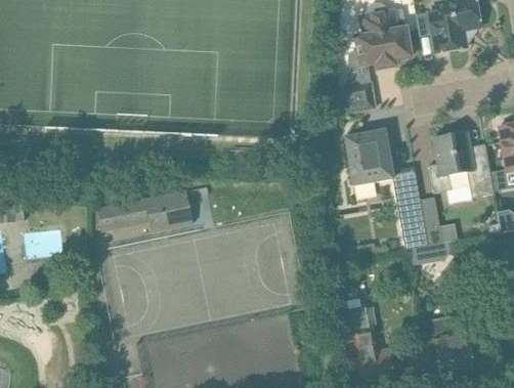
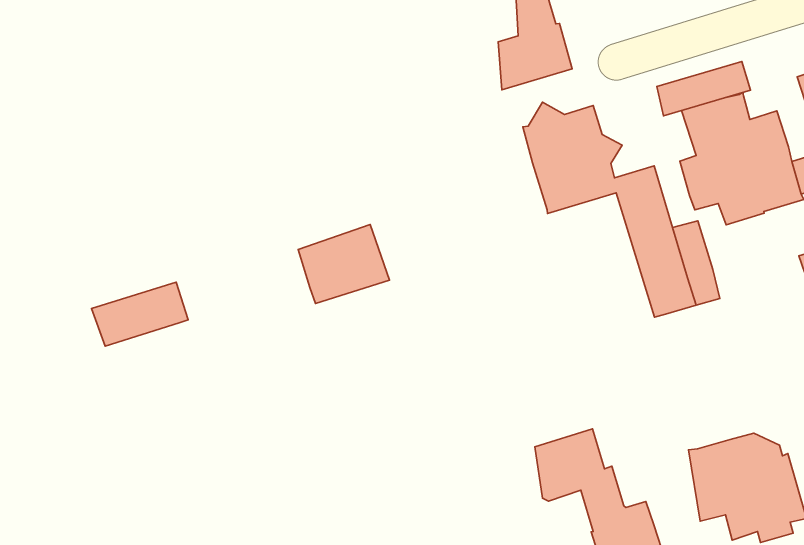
building: none -> [657,62,750,116]
building: [145,189,194,229] -> [298,225,389,304]
building: [412,241,447,264] -> none

